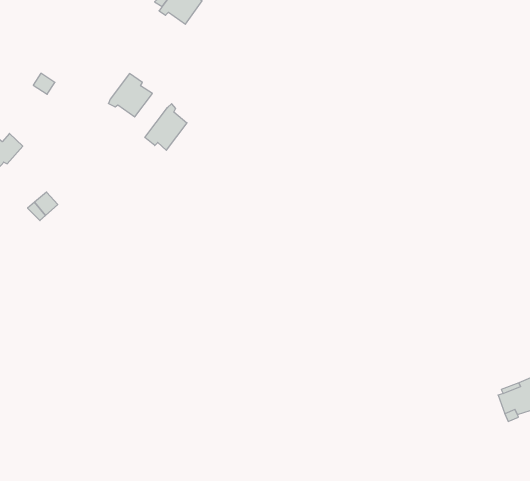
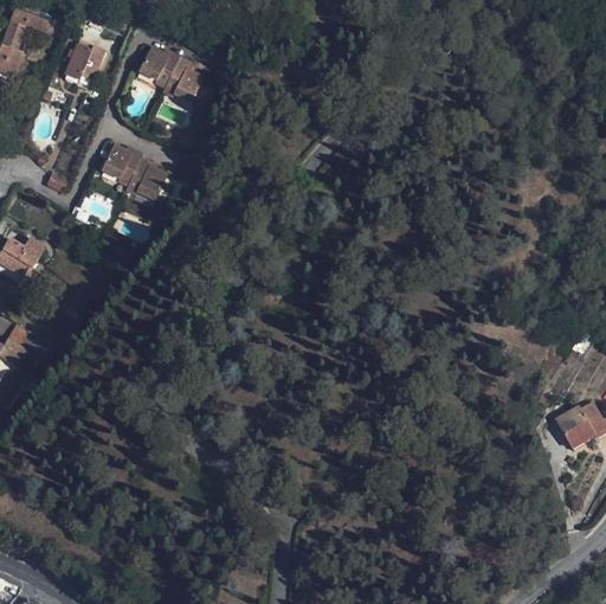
building: none -> [99,143,143,186]
building: [145,104,187,150] -> none

